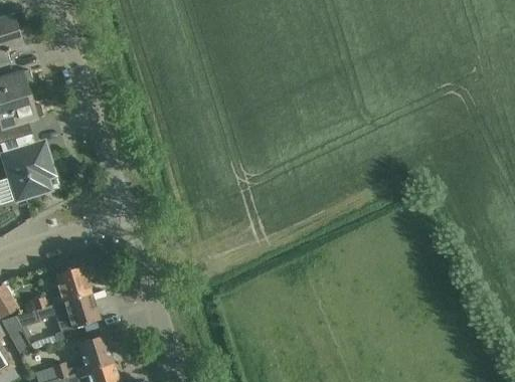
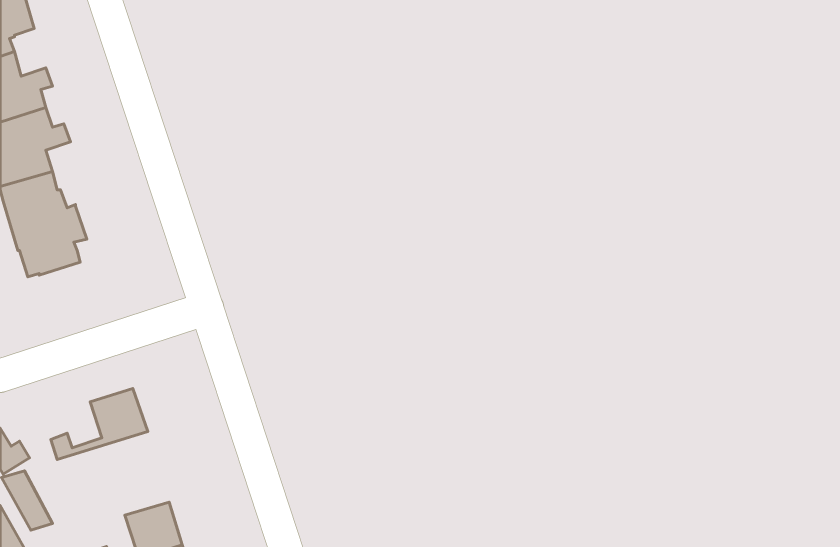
building: [35,293,99,333] -> none

